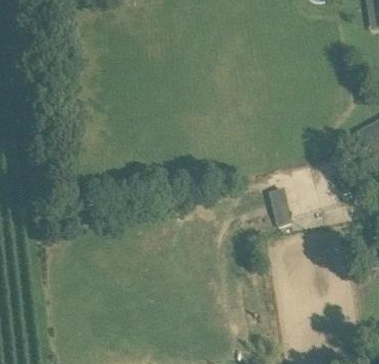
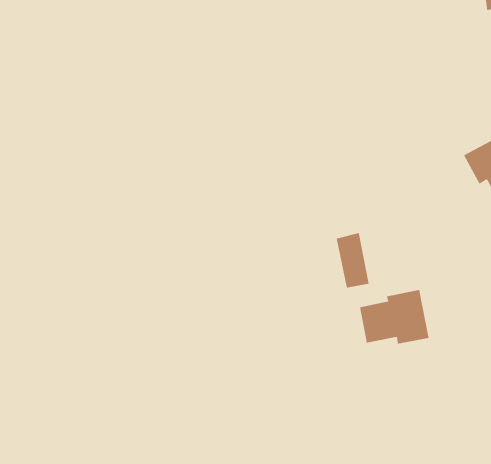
building: none -> [360,289,429,344]

